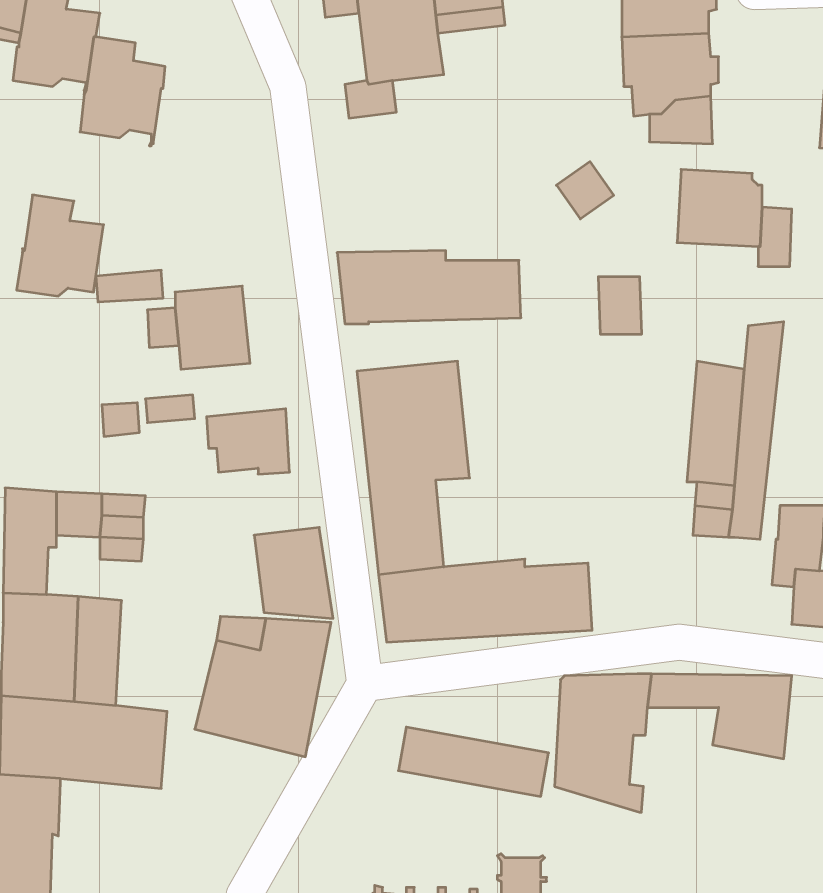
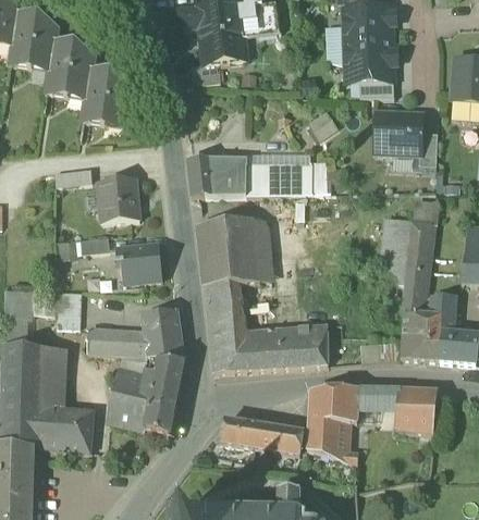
building: [17,195,104,296] -> [82,66,130,122]
building: [598,277,642,334] -> [287,161,311,193]
building: none -> [402,313,439,361]
building: none -> [87,326,147,355]

